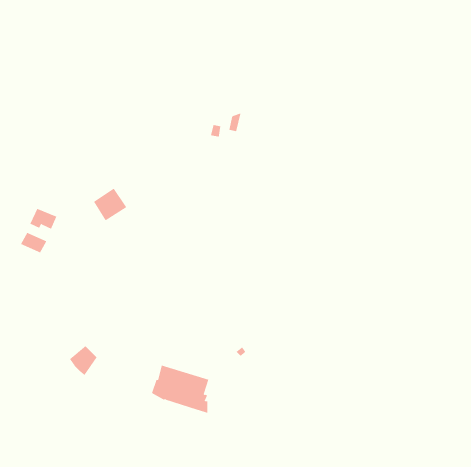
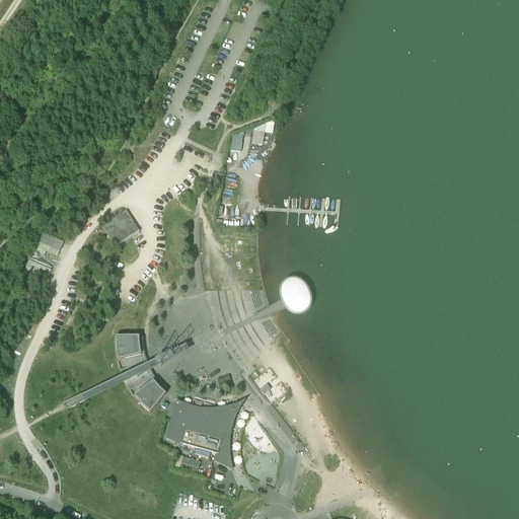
building: none -> [115,333,141,357]
building: [69,345,98,376] -> [134,377,165,411]

